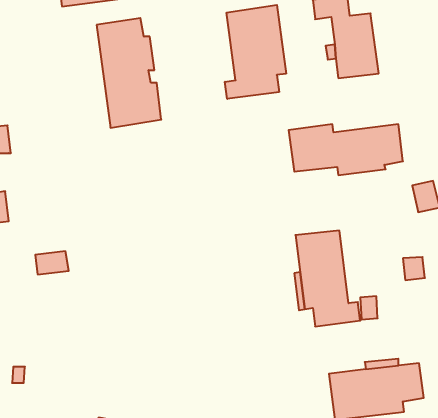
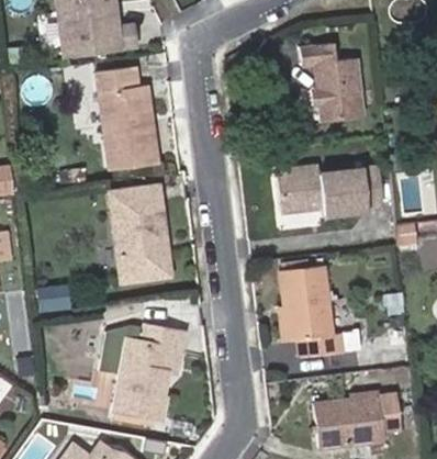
building: [225,5,286,99] -> none
building: none -> [108,184,170,281]
building: none -> [99,323,182,417]

